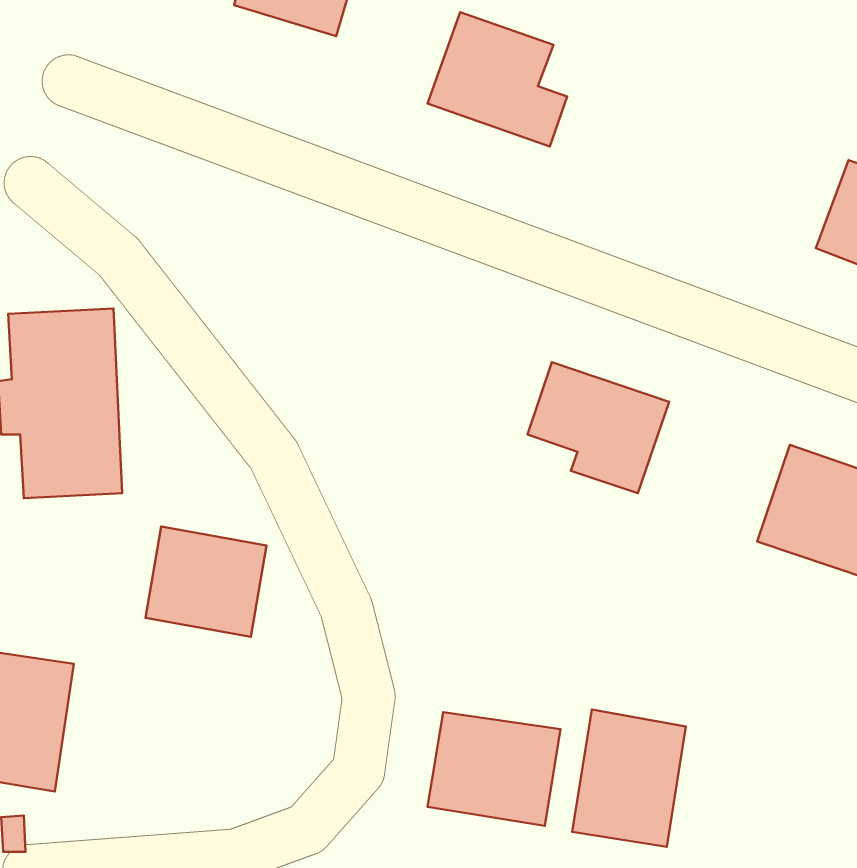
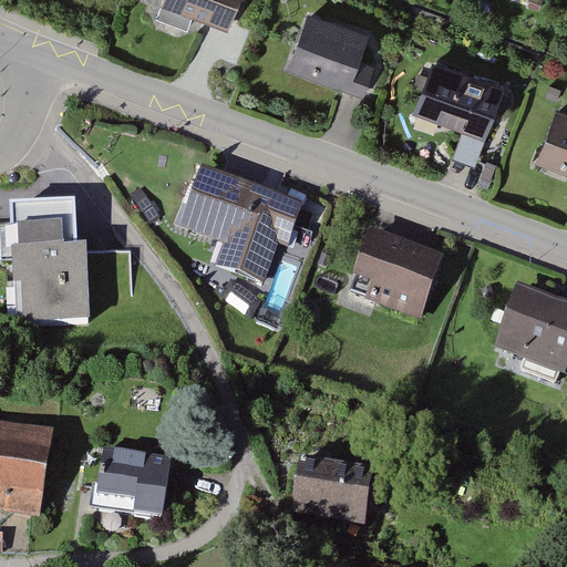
building: none -> [411,61,502,140]
building: none -> [186,167,306,279]
building: [146,526,266,637] -> [96,446,174,517]
building: [572,709,686,847] -> none

